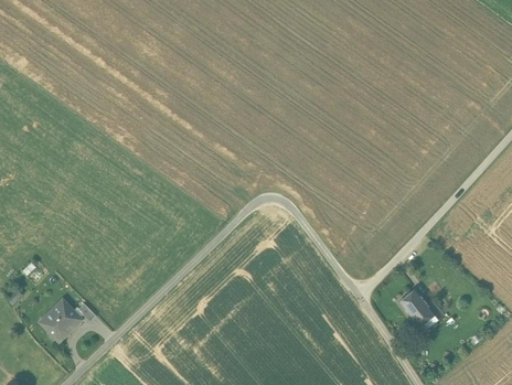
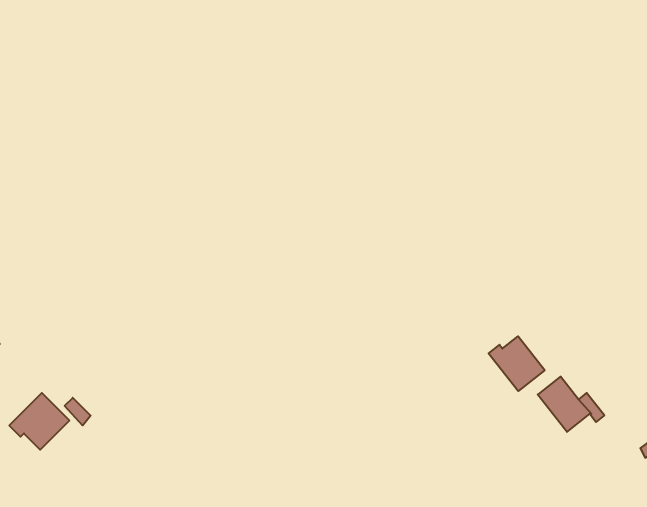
building: none -> [489,336,545,391]

